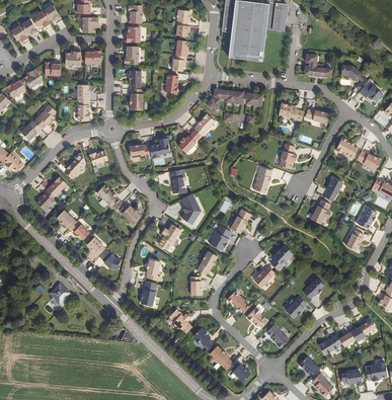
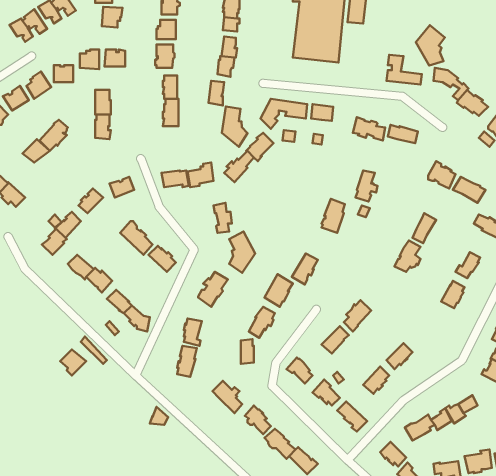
building: none -> [416,25,445,65]
building: none -> [222,107,248,147]

